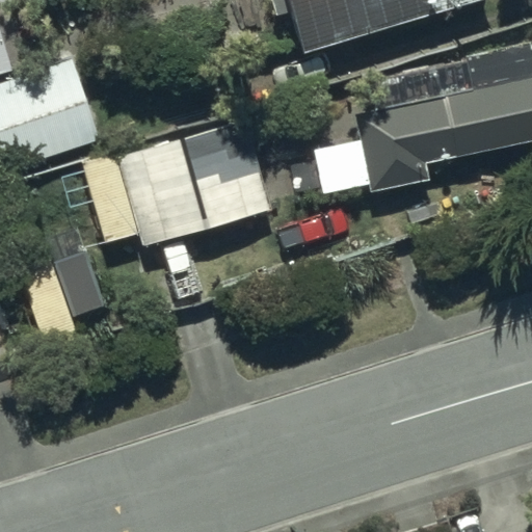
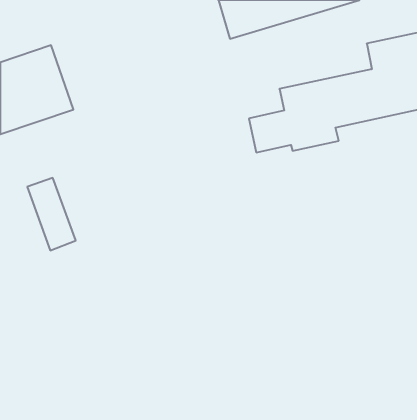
building: [86,121,274,247] -> none

